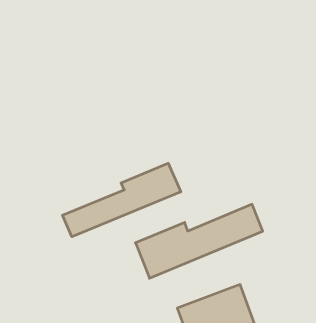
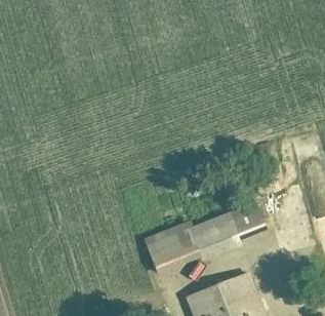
building: [63,163,181,237] -> none

